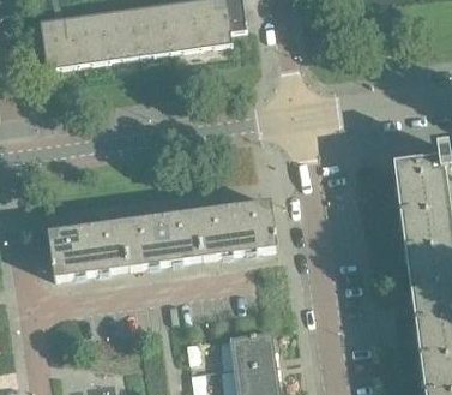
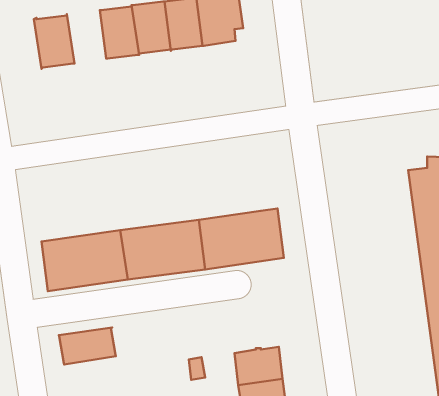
building: [71,12,108,62] -> none
building: none -> [59,327,116,364]

